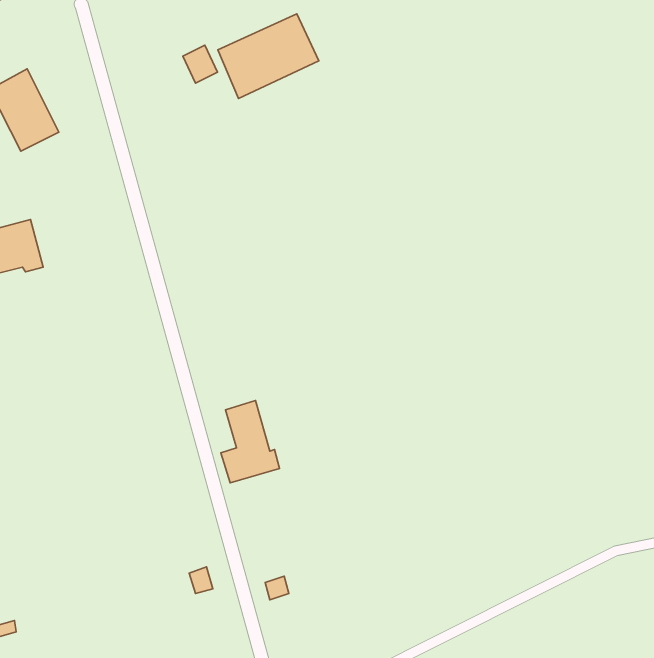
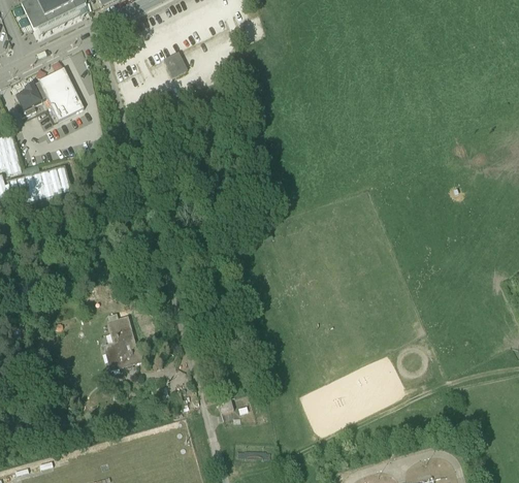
building: [218,14,319,99] -> none
building: [221,400,279,483] -> [104,317,142,371]

